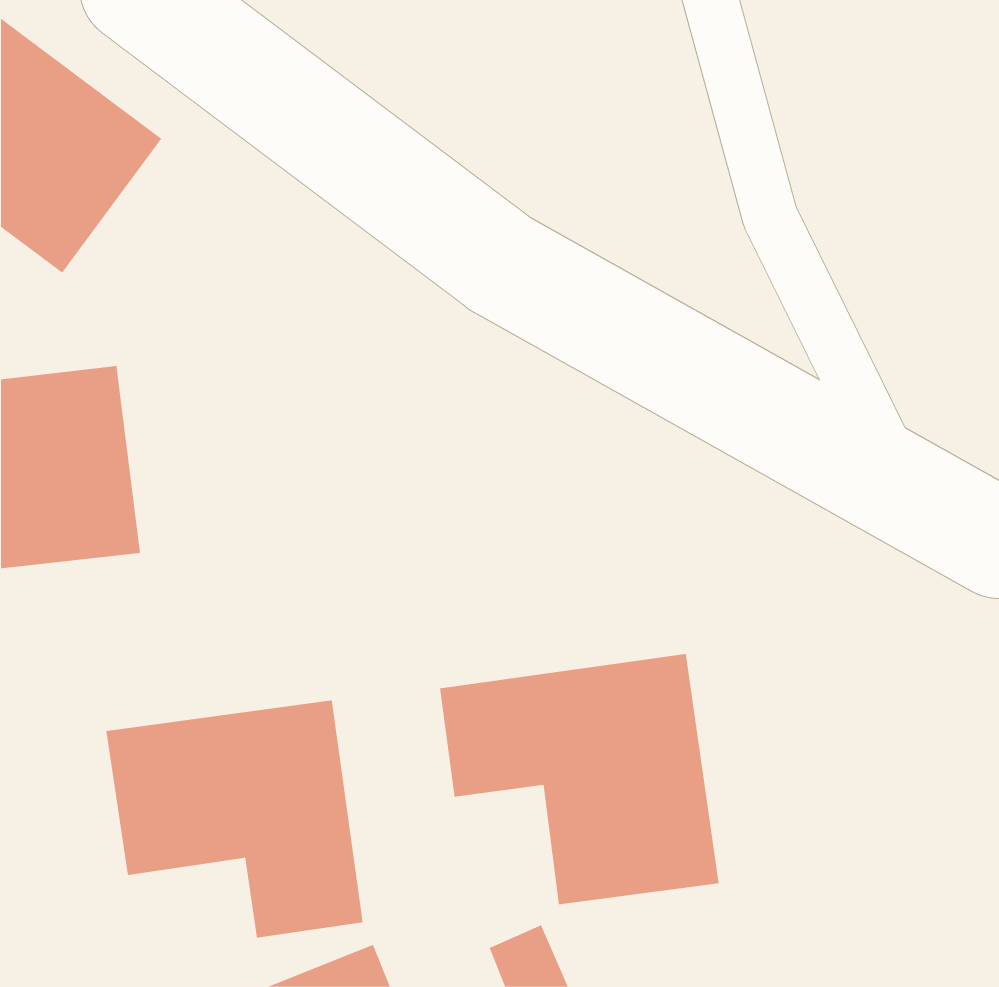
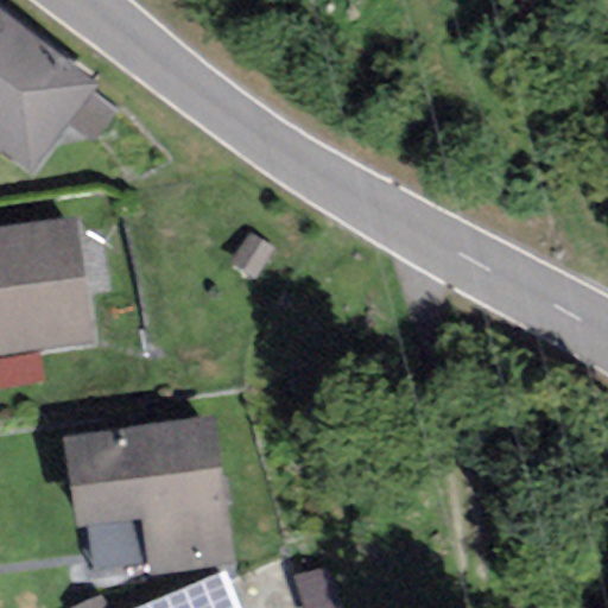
building: [439,653,719,905] -> none

